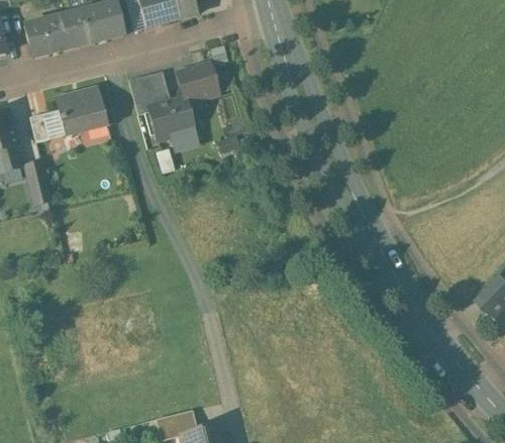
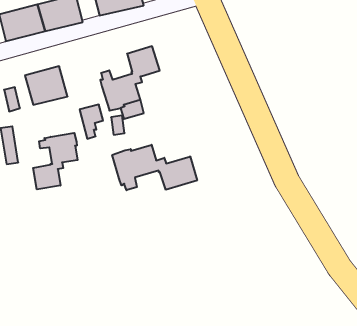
building: [128,73,157,114] -> [80,105,103,139]
building: none -> [33,133,78,189]
building: none -> [112,145,197,190]

